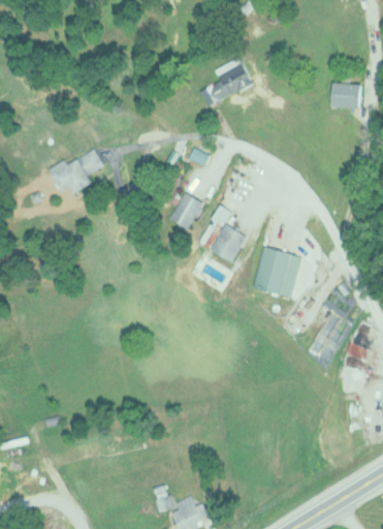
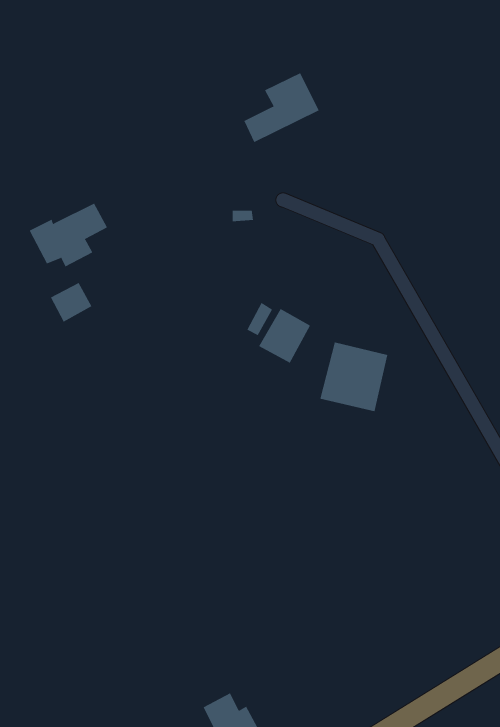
building: [332,84,361,107] -> none
building: [169,186,212,231] -> none
building: none -> [50,282,92,322]

